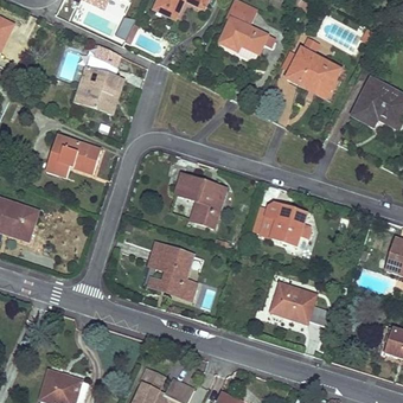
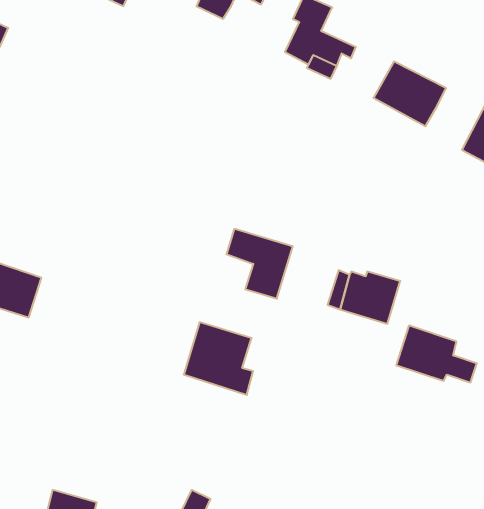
building: [75,53,124,114] -> none
building: [46,135,101,177] -> none
building: [271,282,332,325] -> [396,326,477,382]

